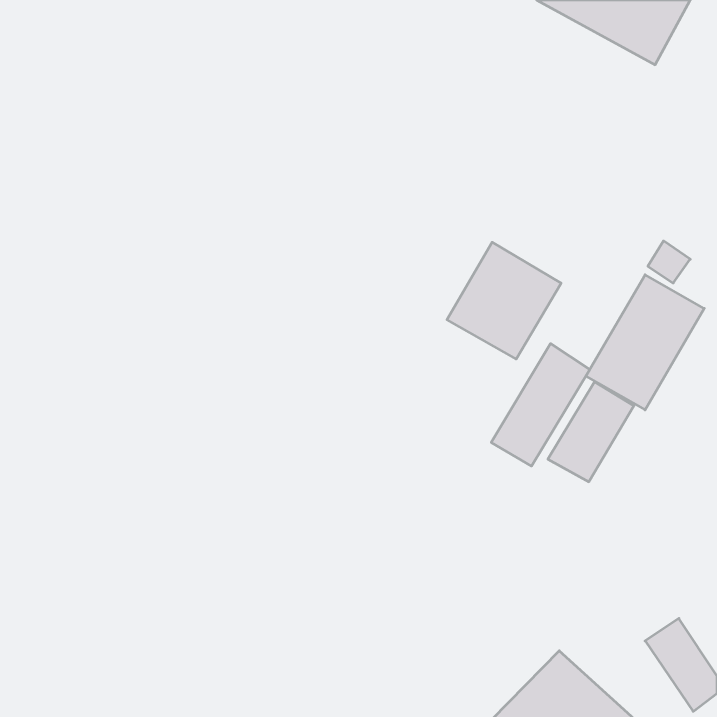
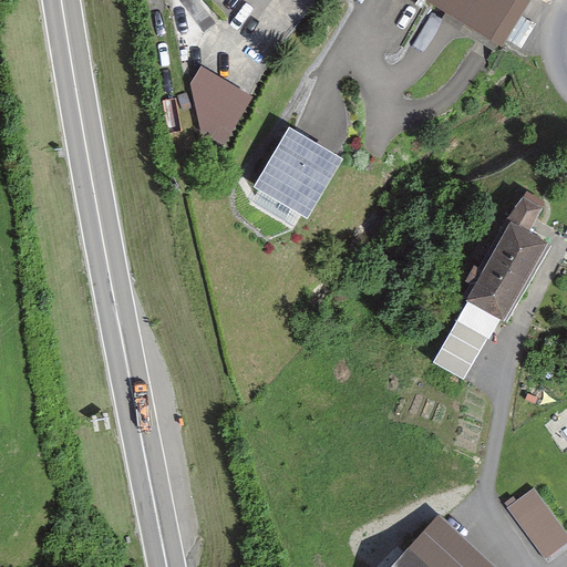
building: none -> [171,64,250,145]
building: [447,242,561,359] -> [252,121,342,213]
building: [491,344,590,466] -> none

